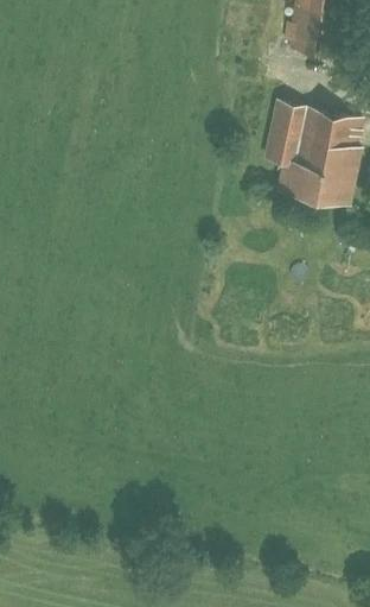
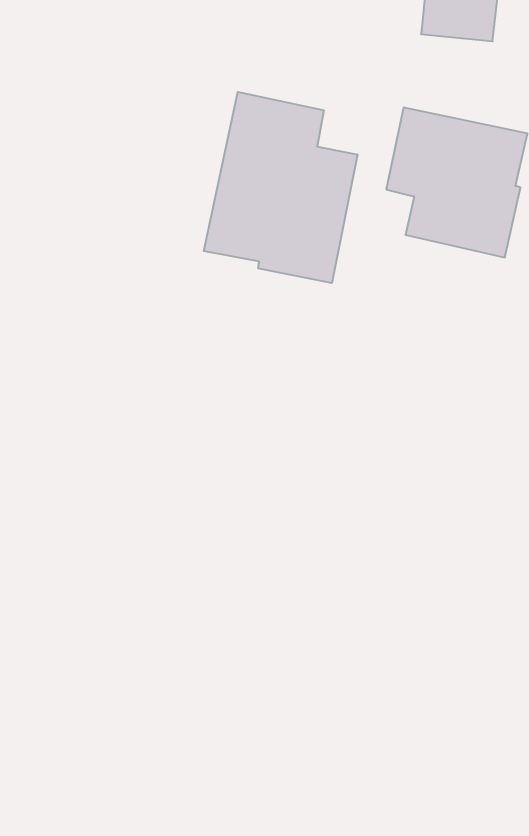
building: none -> [204,92,358,283]

